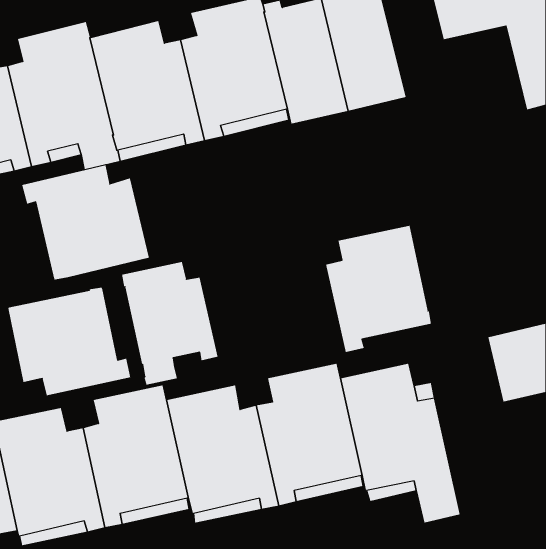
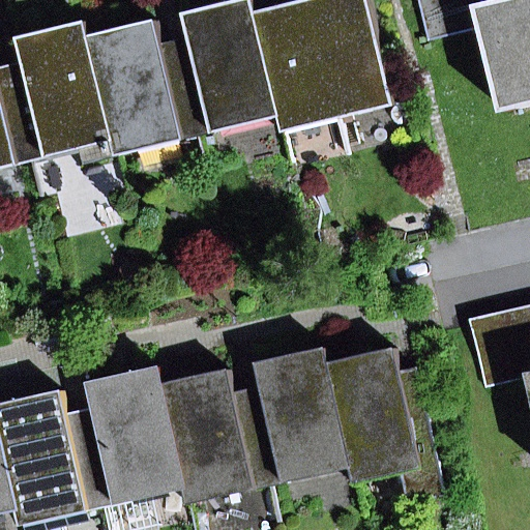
building: [21,165,150,281] -> none
building: [326,225,431,353] -> none
building: [121,261,218,386] -> none
building: [7,287,131,396] -> none

